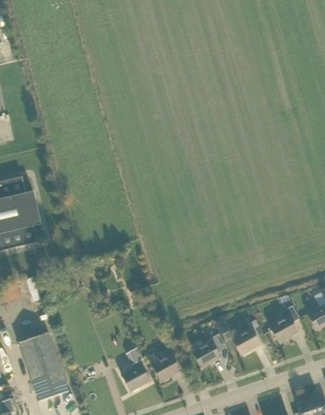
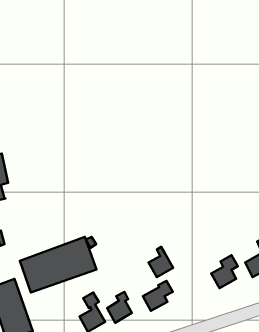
building: none -> [20,237,96,292]
building: [231,319,259,353] -> [148,247,173,277]

